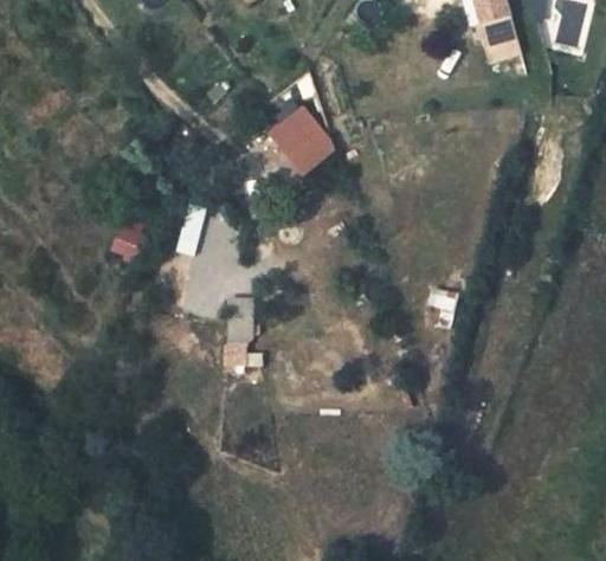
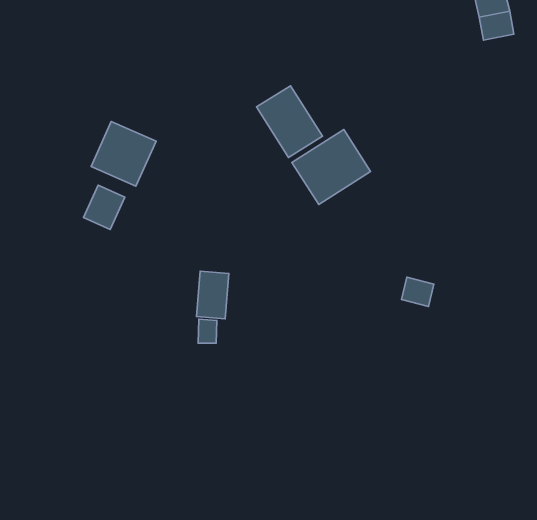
building: none -> [292,130,371,204]
building: none -> [91,121,156,186]

